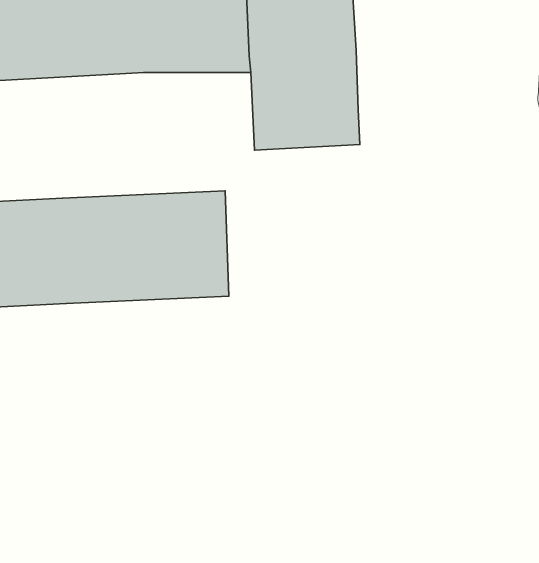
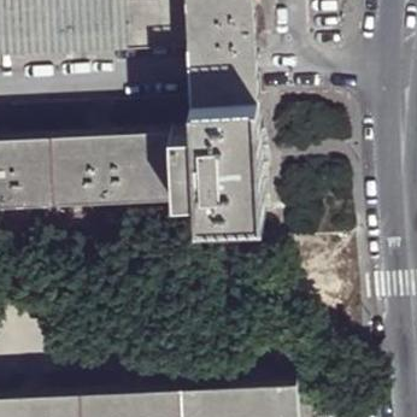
building: none -> [171,104,264,225]

